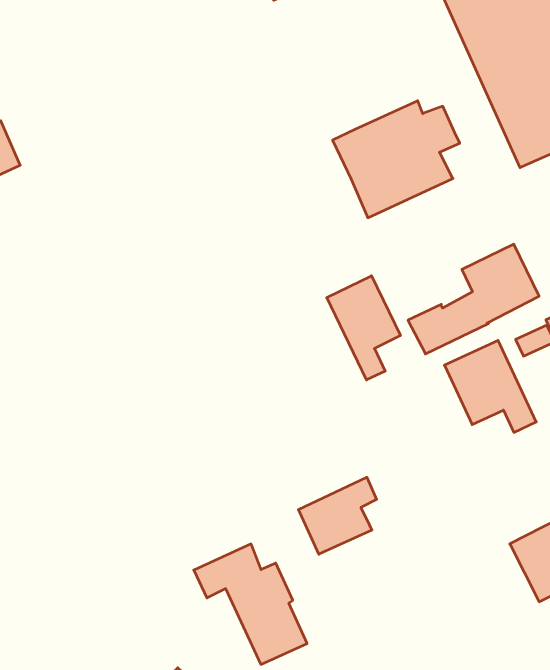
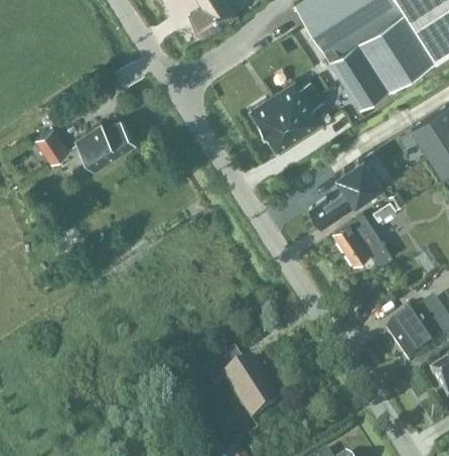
building: none -> [77,119,136,169]
building: [327,276,400,380] -> none
building: [298,477,377,554] -> none

